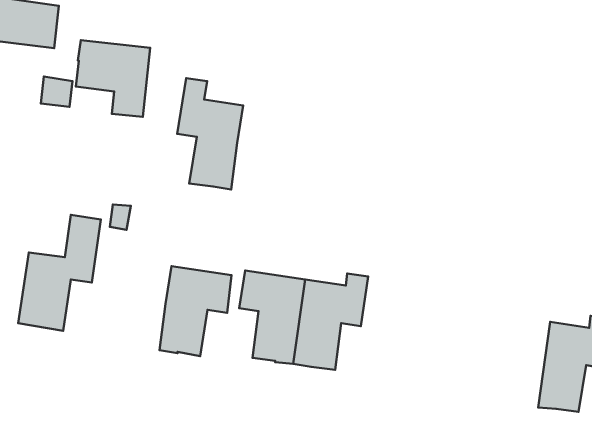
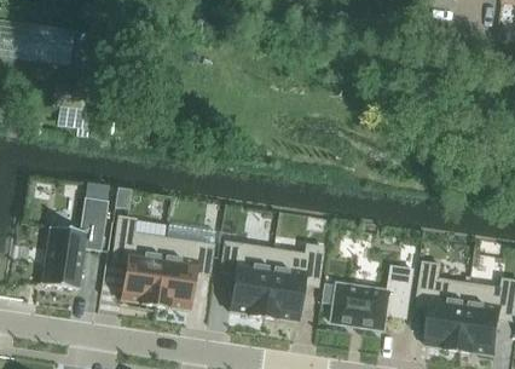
building: [76,40,150,117] -> none
building: [177,78,243,190] -> [110,215,163,305]
building: none -> [415,260,468,351]
building: none -> [330,265,411,329]

